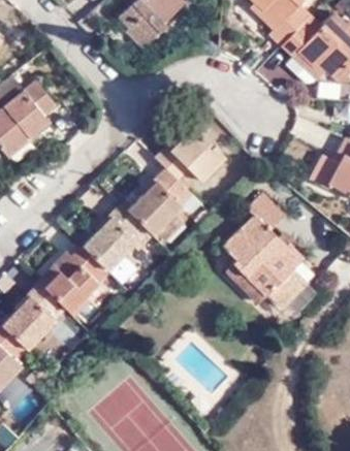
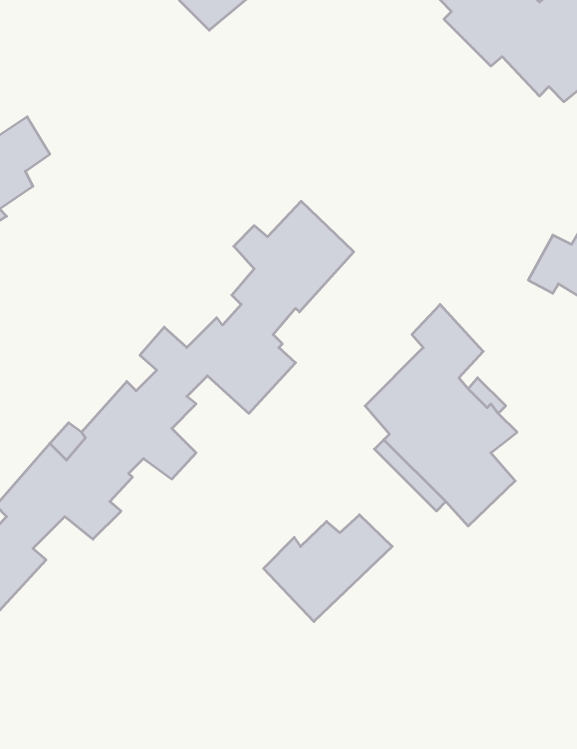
building: none -> [264,515,392,622]

